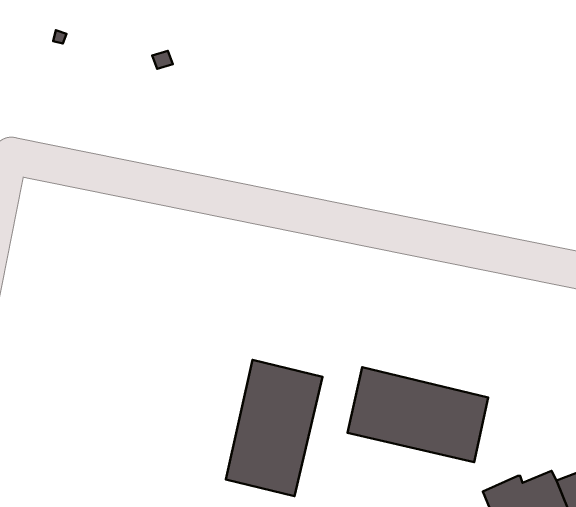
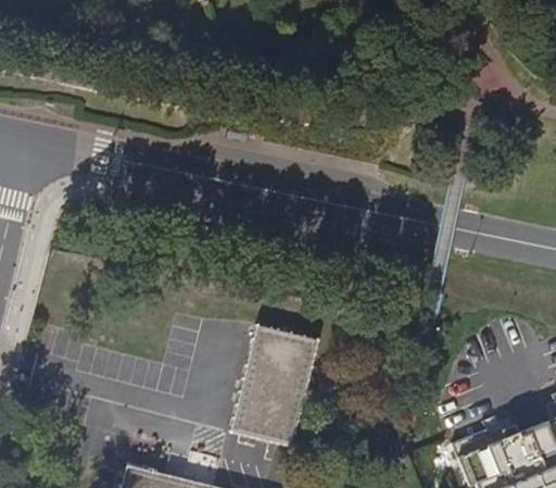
building: [348,367,488,462] -> none

